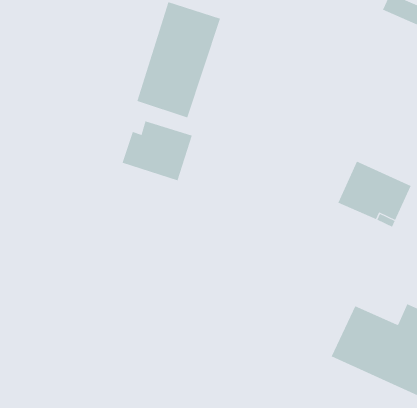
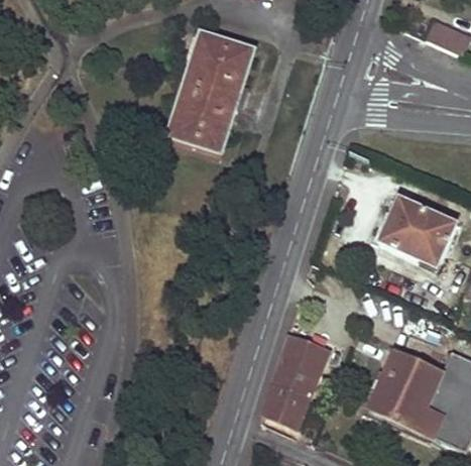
building: [122,120,192,181] -> none
building: none -> [262,326,328,427]

